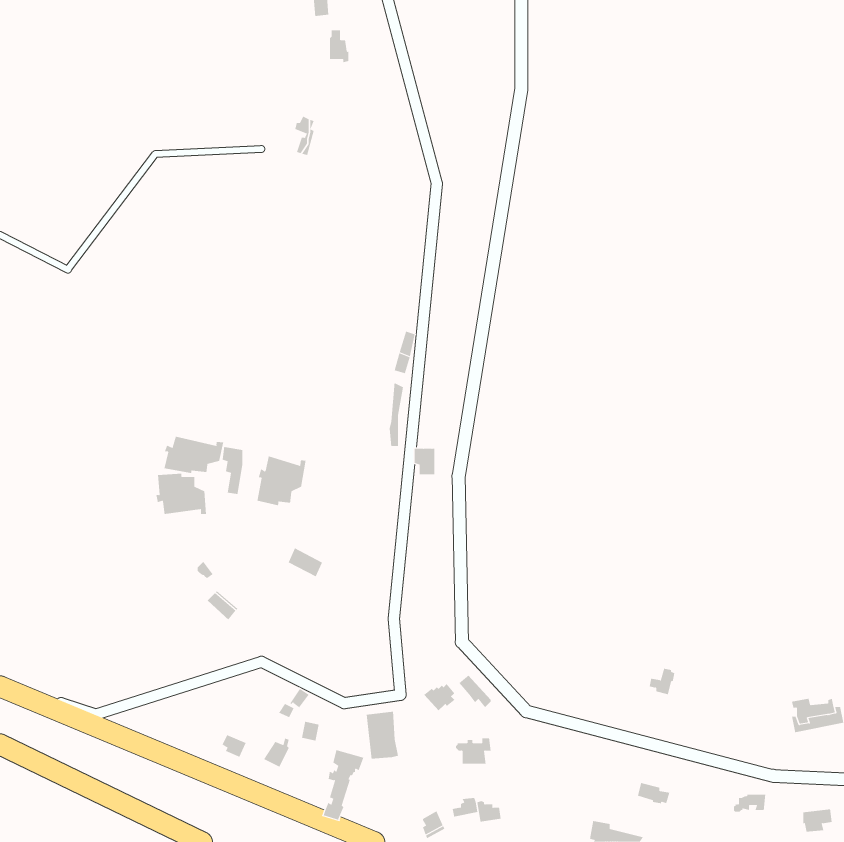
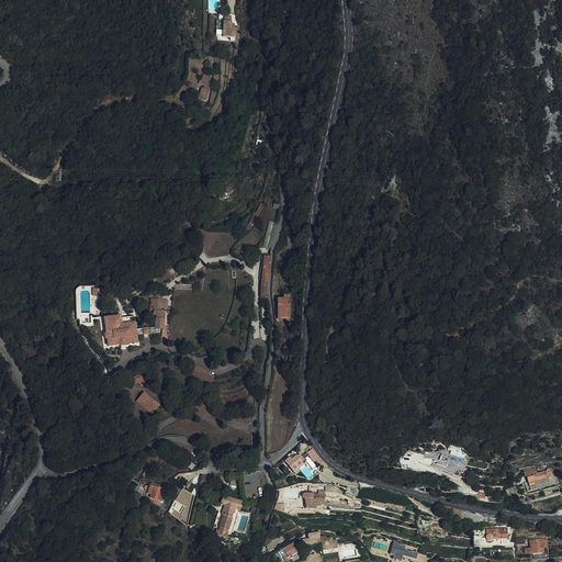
building: [164,436,224,474] -> none
building: [257,455,306,506] -> none

